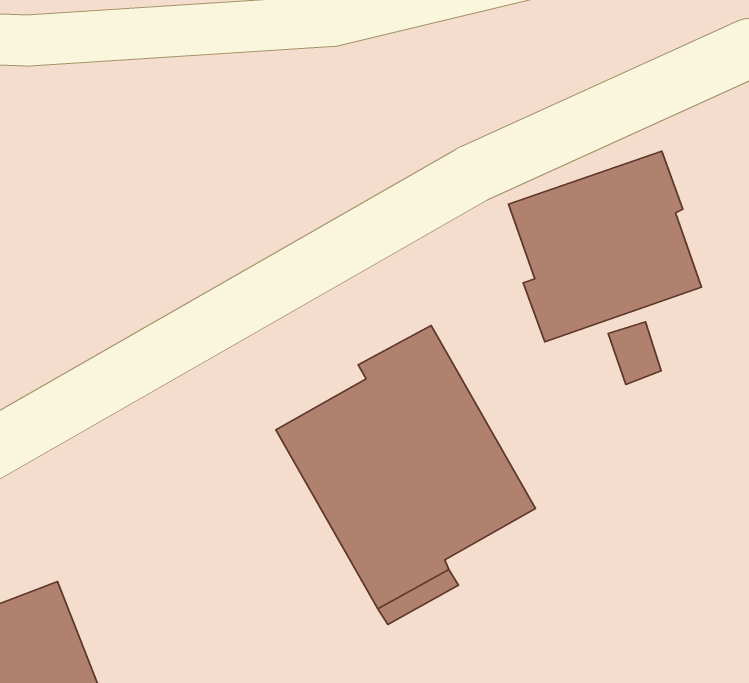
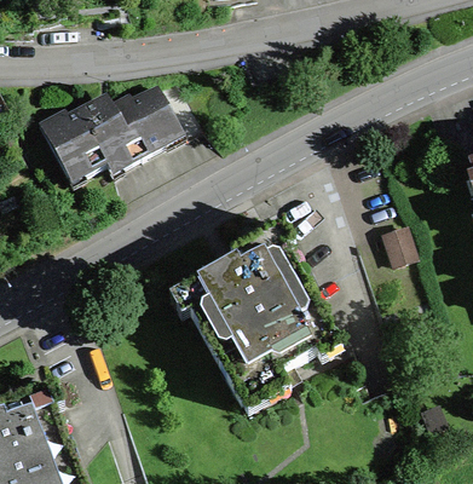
building: none -> [39,77,201,184]
building: [509,151,702,342] -> none

